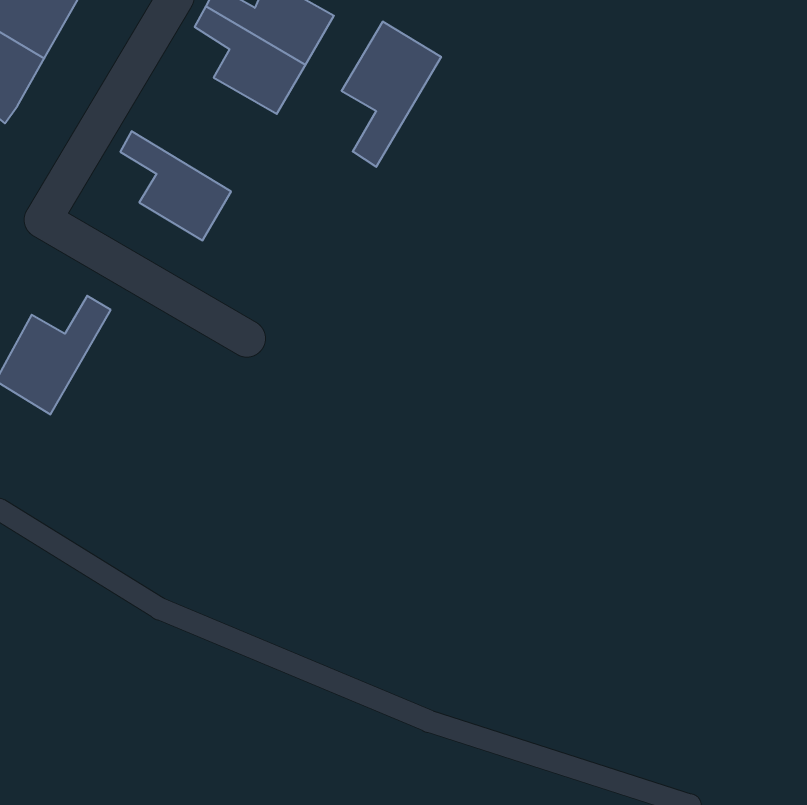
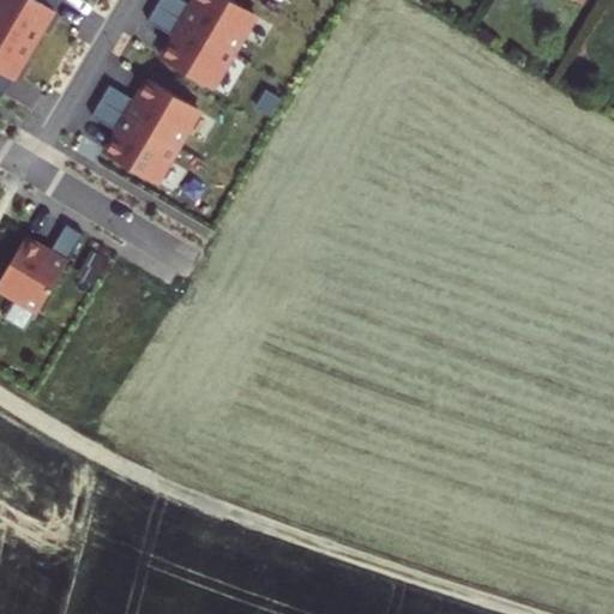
building: [342,21,441,167] -> none
building: none -> [100,79,198,145]

